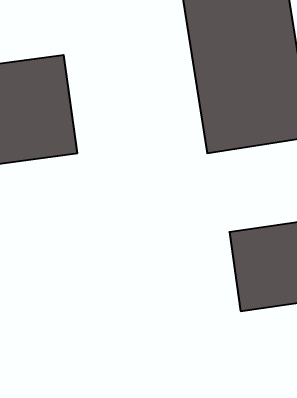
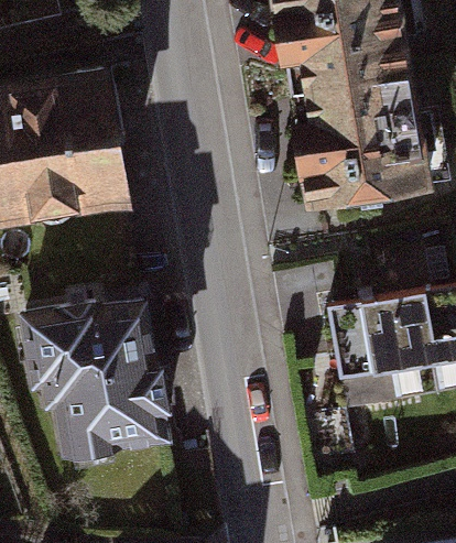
building: none -> [40,303,162,444]

